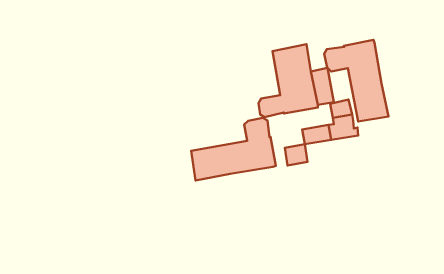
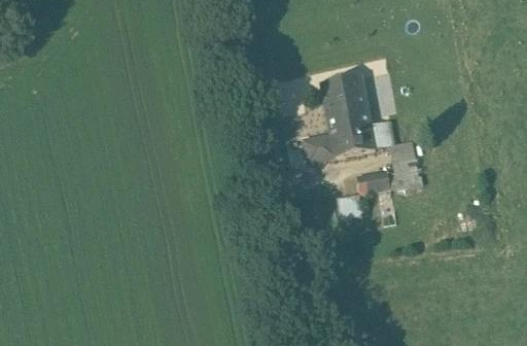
building: [324,40,388,121] -> none
building: [191,118,276,180] -> none

